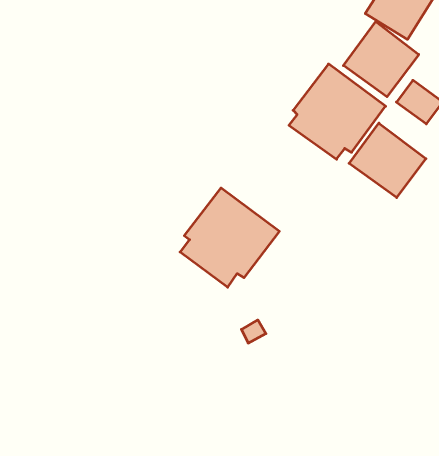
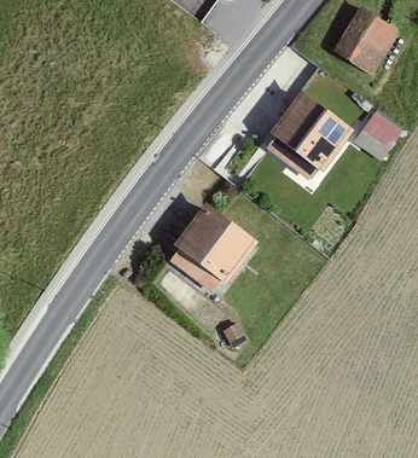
building: [343,22,419,97] -> none
building: [349,123,426,198] -> none

